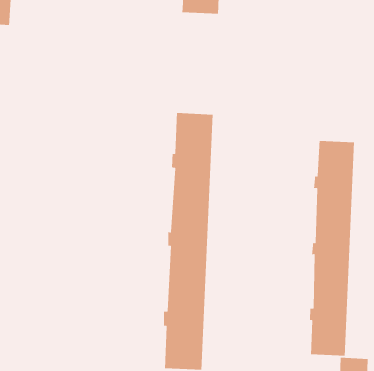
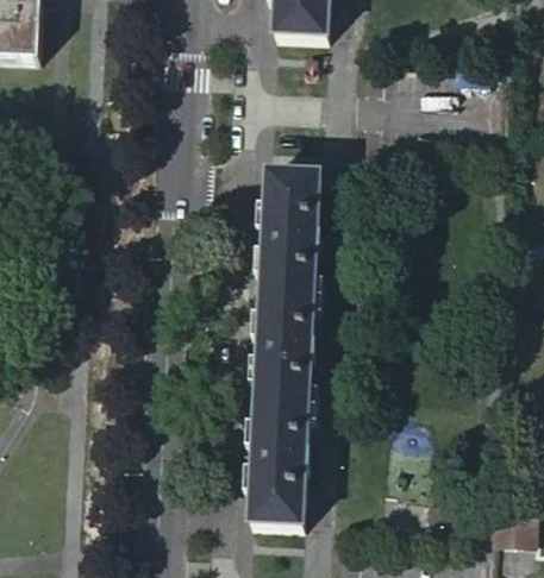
building: [309,140,355,356] -> none

